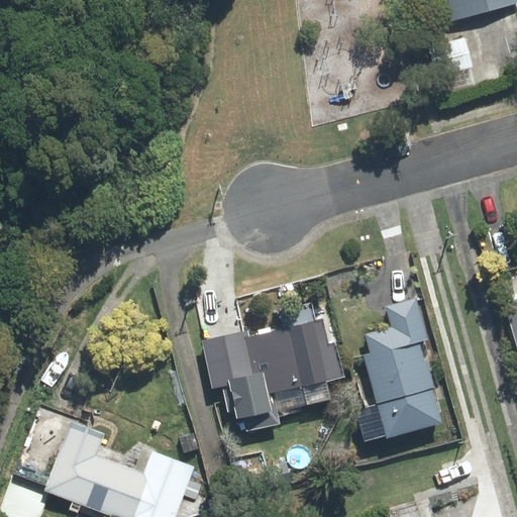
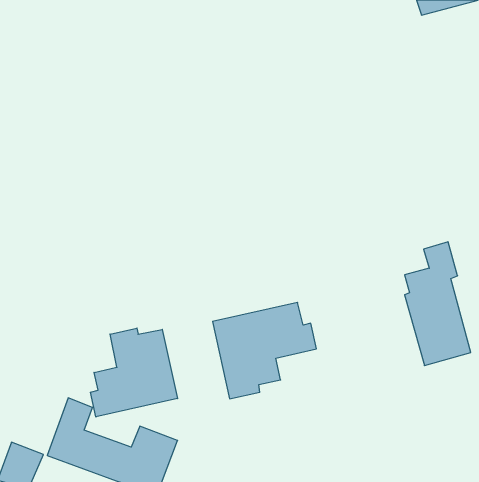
building: [367,301,437,433] -> [405,242,471,366]
building: none -> [90,328,178,417]

